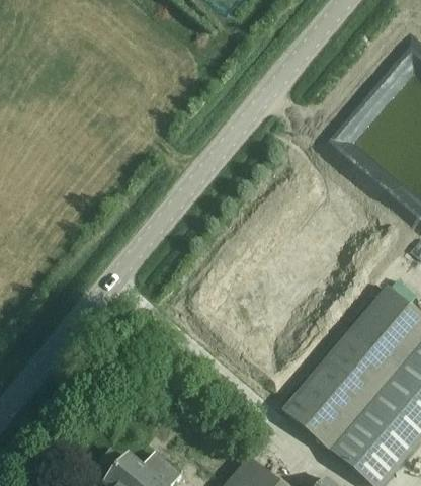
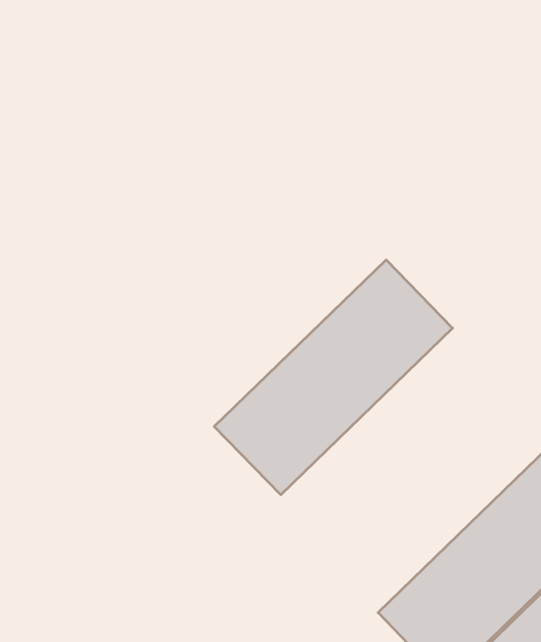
building: none -> [214,260,453,495]

